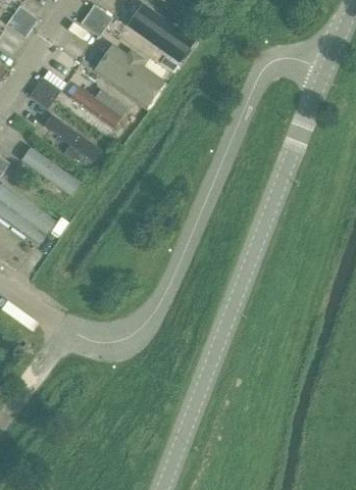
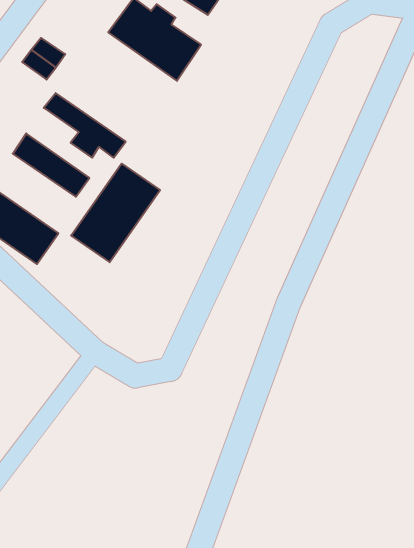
building: [68,85,124,128] -> none
building: none -> [71,164,160,262]

